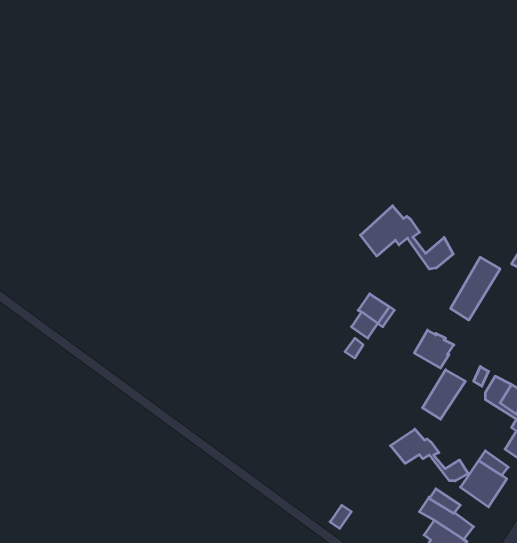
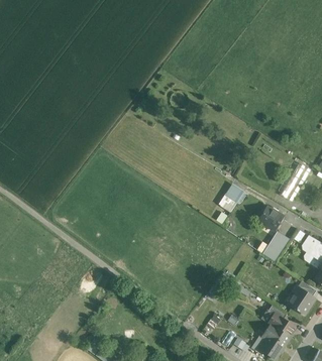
building: [360,206,453,269] -> none
building: [390,429,468,481] -> none

